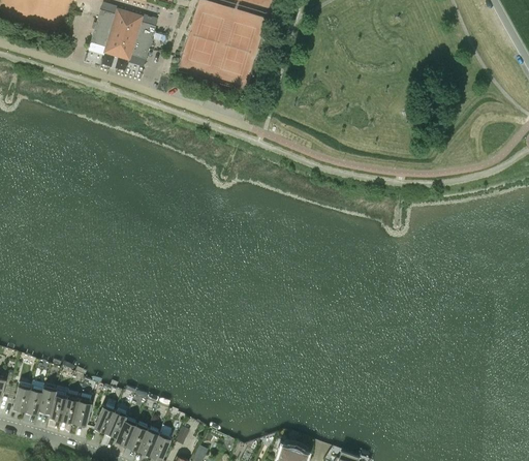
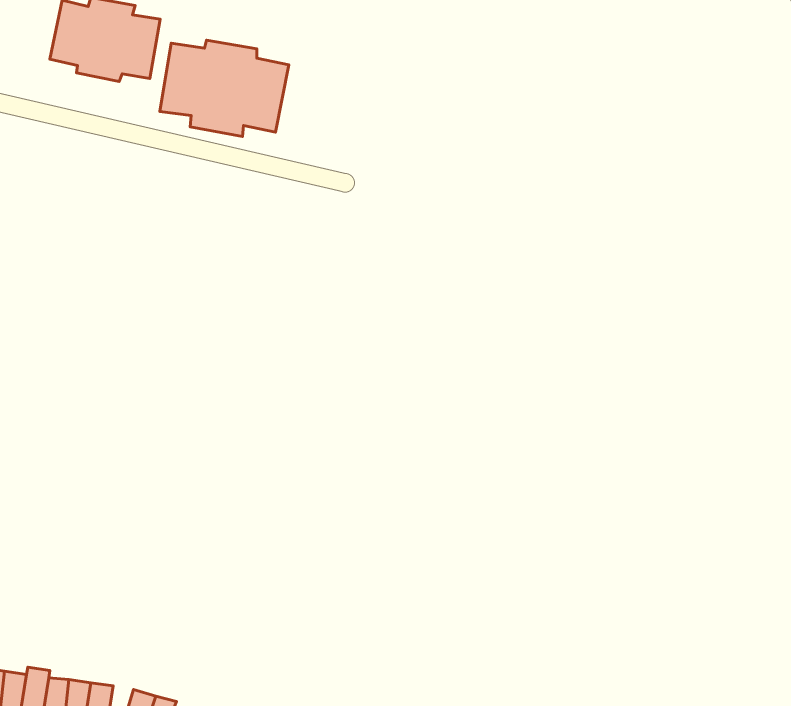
building: none -> [160,40,289,136]

